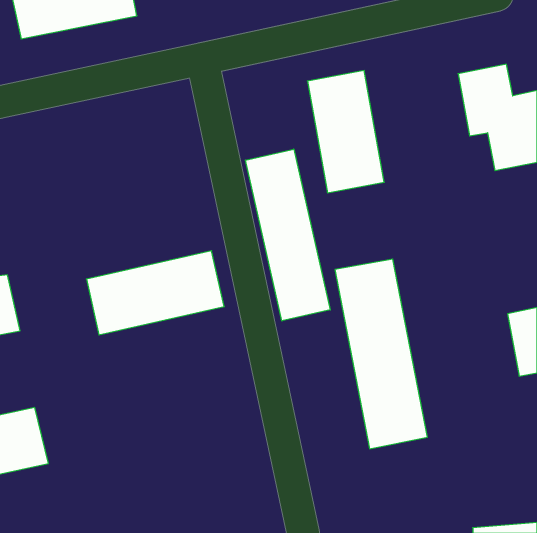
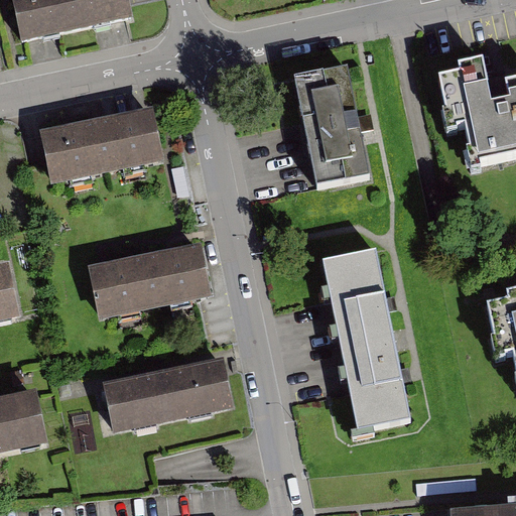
building: none -> [36,105,168,186]
building: [245,149,330,321] -> none
building: none -> [105,354,238,435]

